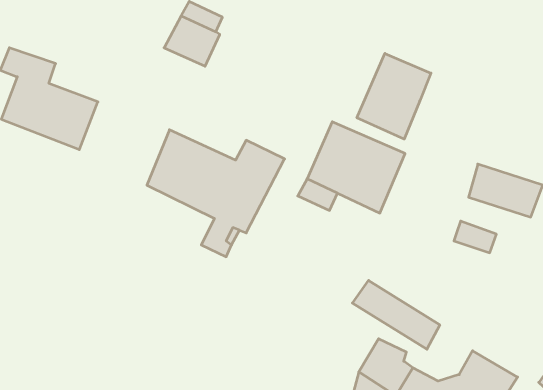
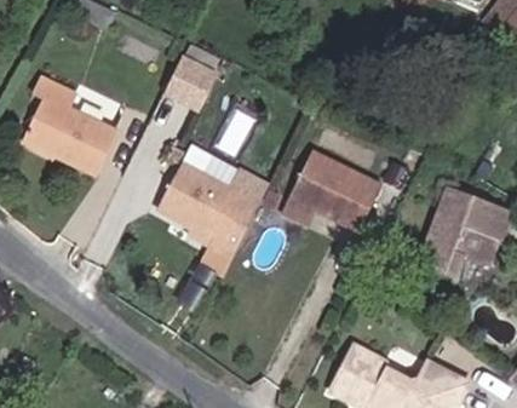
building: [357,53,431,139] -> none
building: none -> [433,216,498,257]
building: [352,280,440,349] -> none

